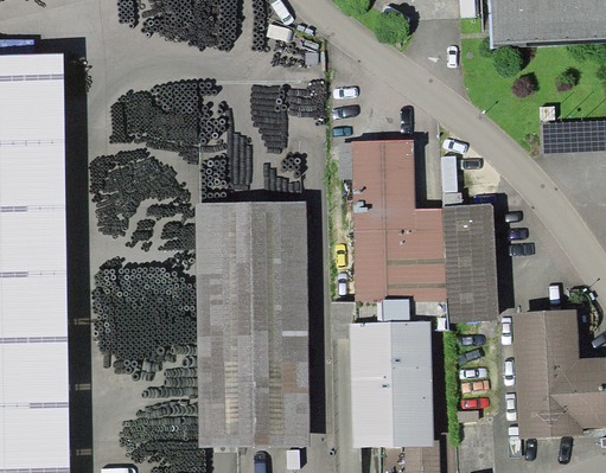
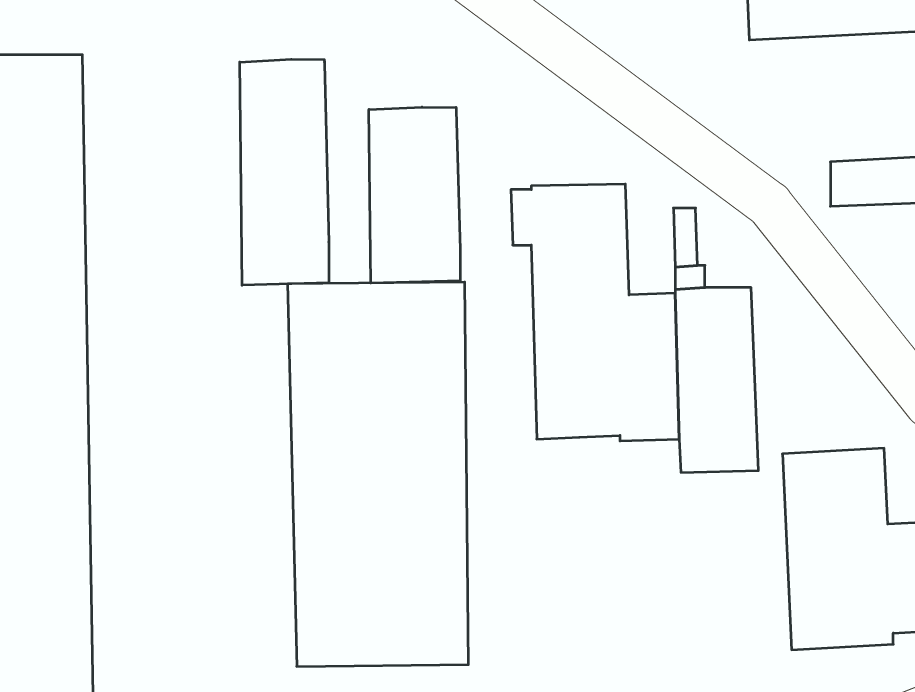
building: none -> [240,59,329,285]
building: none -> [369,107,460,283]
building: [349,299,434,447] -> none

